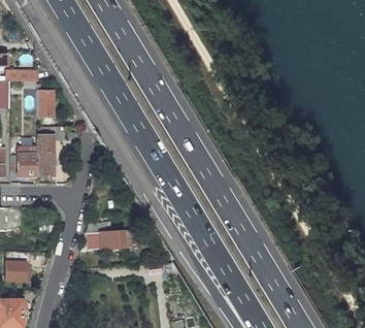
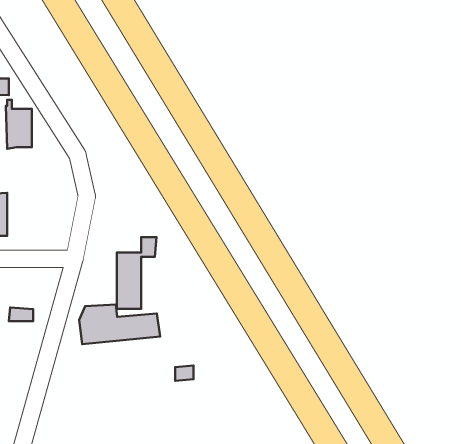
building: [37,128,64,176] -> [117,237,156,309]

